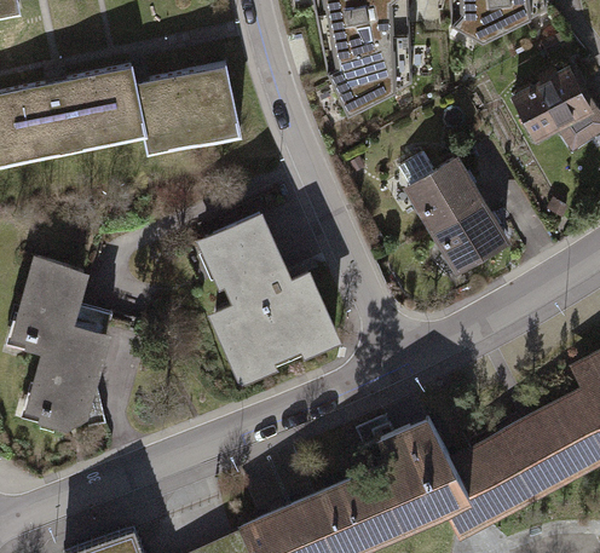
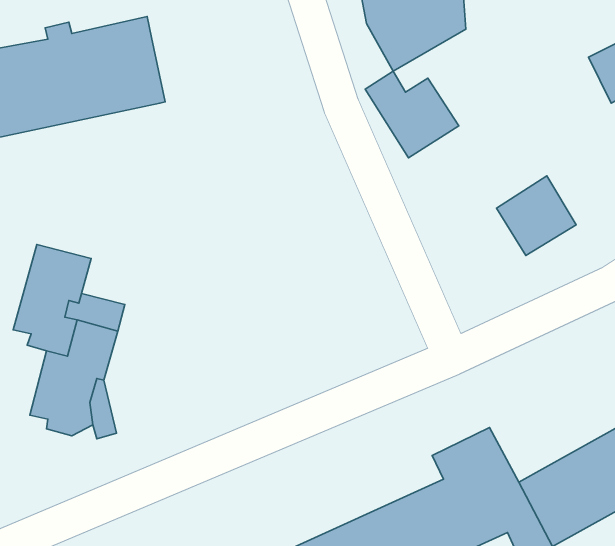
building: [135,63,242,157] -> none
building: [397,155,478,230] -> [365,71,459,158]
building: [203,215,333,376] -> none

